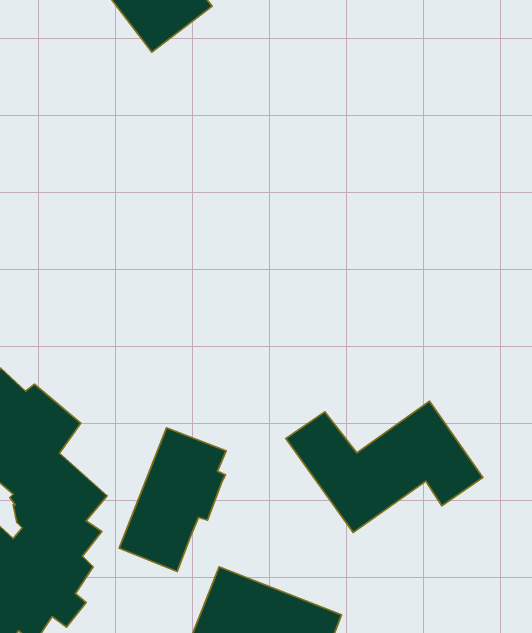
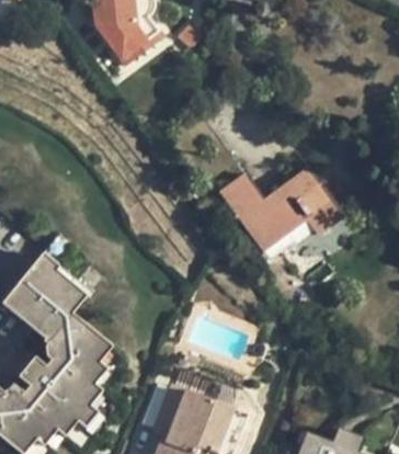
building: [286,401,483,533] -> [221,168,343,249]
building: [119,428,226,572] -> none

